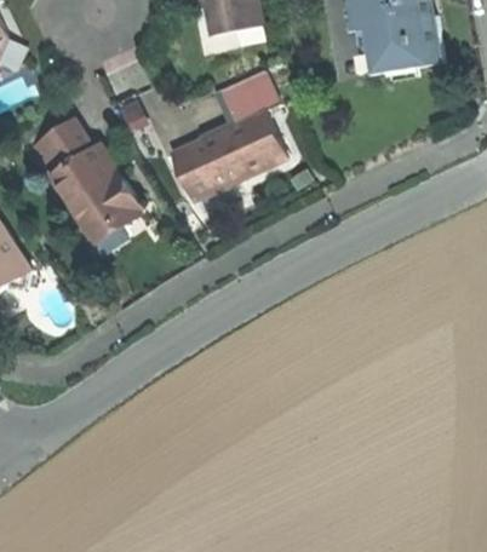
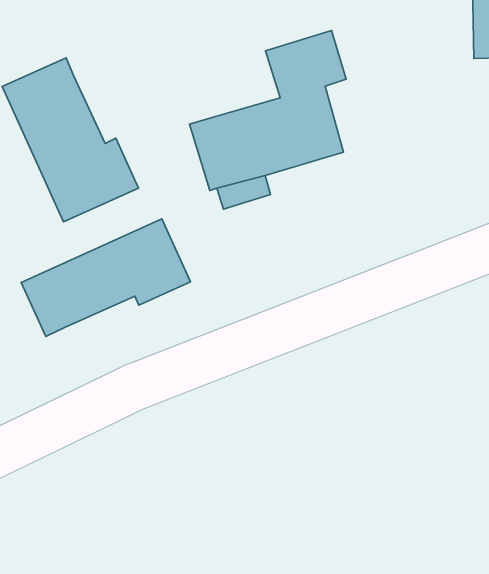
building: none -> [21,219,191,336]

